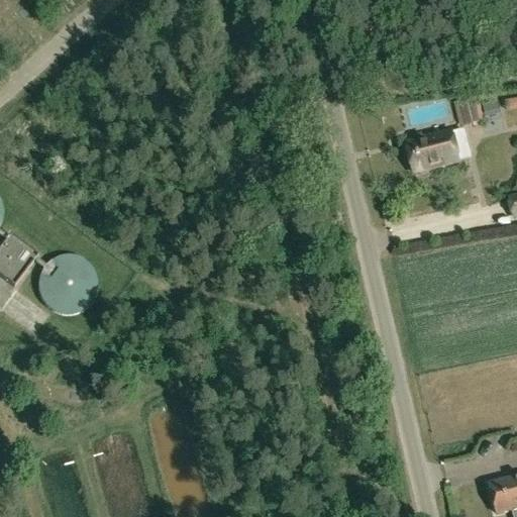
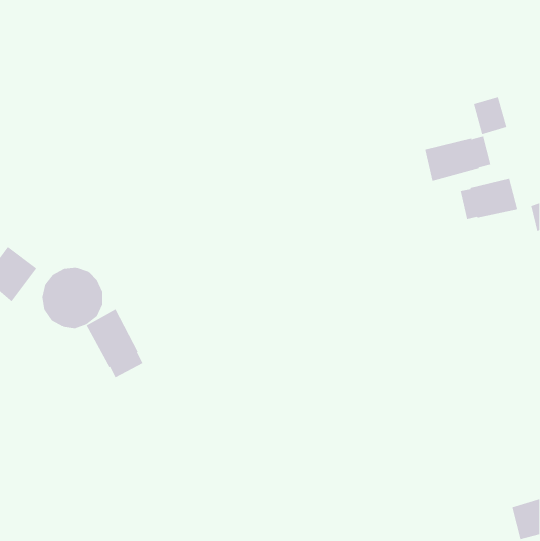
building: none -> [460,178,518,220]
building: none -> [86,308,143,378]

